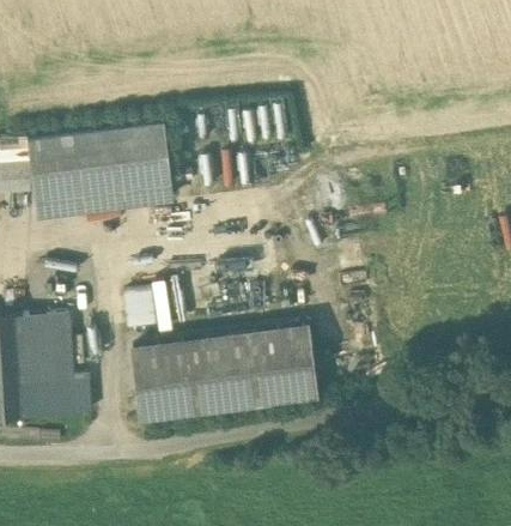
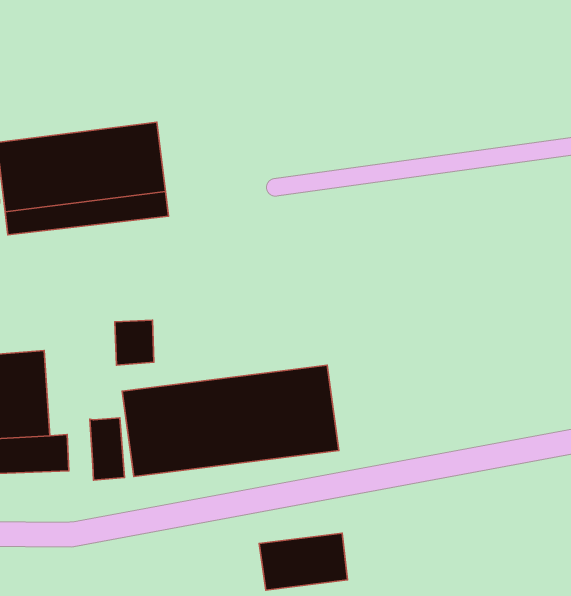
building: none -> [90,418,125,480]
building: none -> [259,533,348,590]

